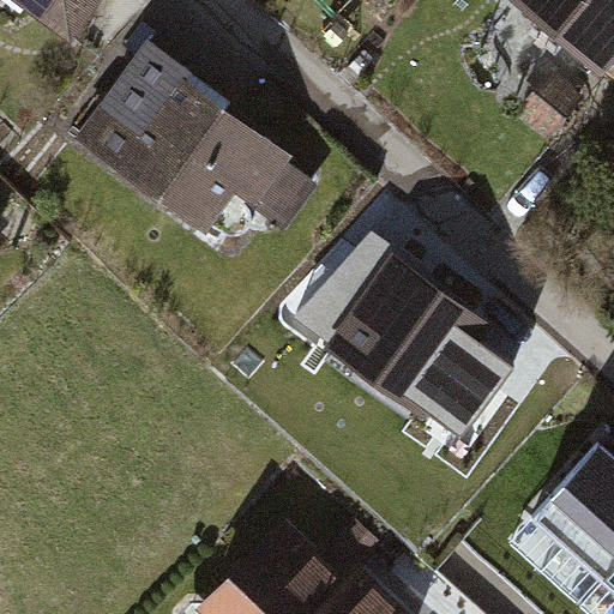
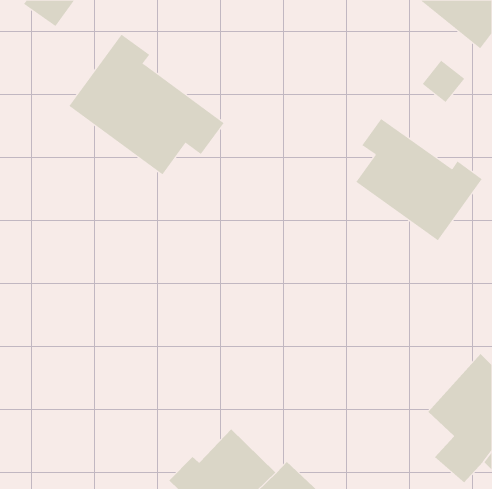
building: none -> [355,118,483,241]
building: [320,254,514,415] -> none

